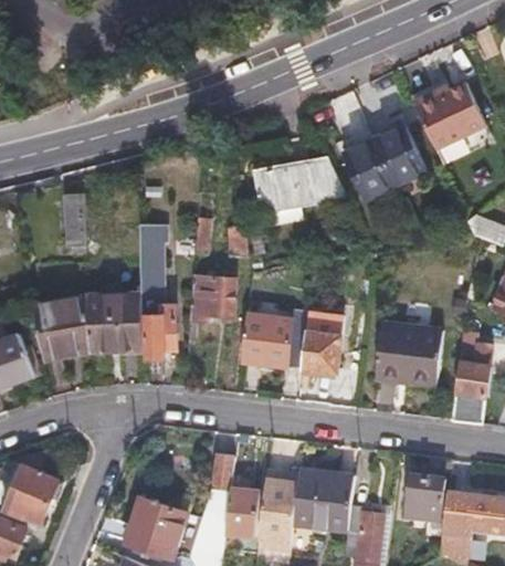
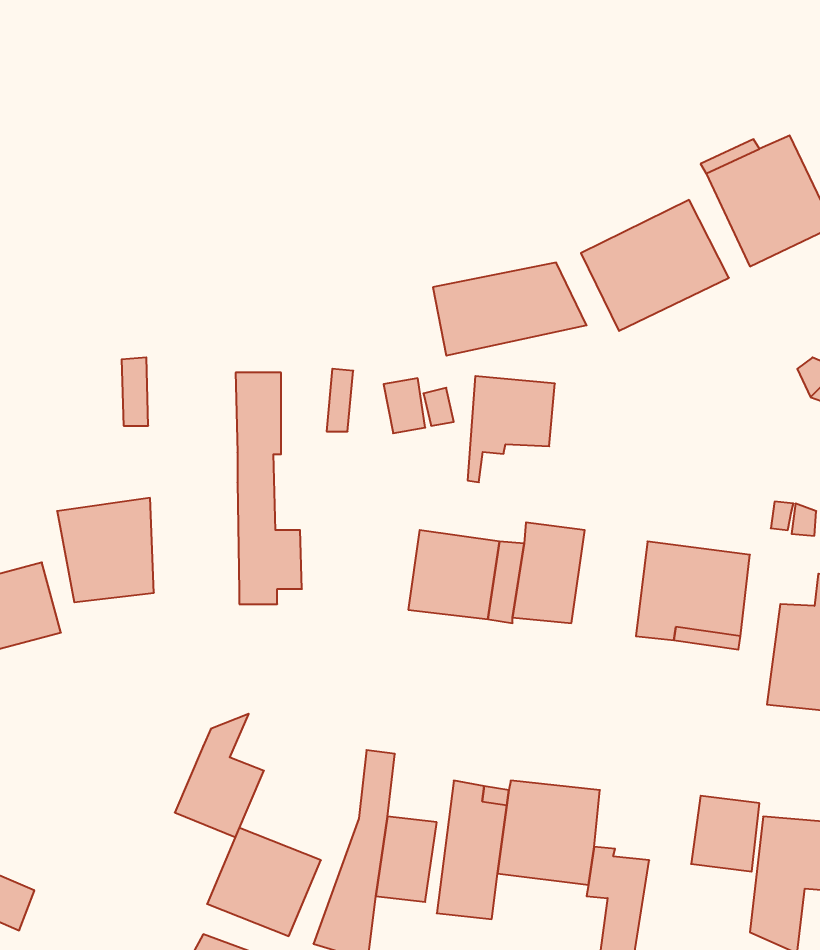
building: [187,281,238,343] -> [468,376,555,482]
building: [91,290,143,354] -> none
building: [9,444,61,516] -> [175,714,264,837]

